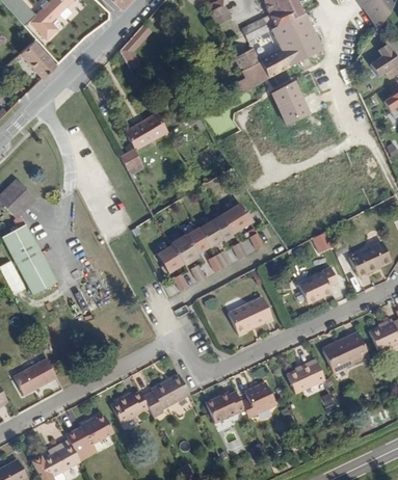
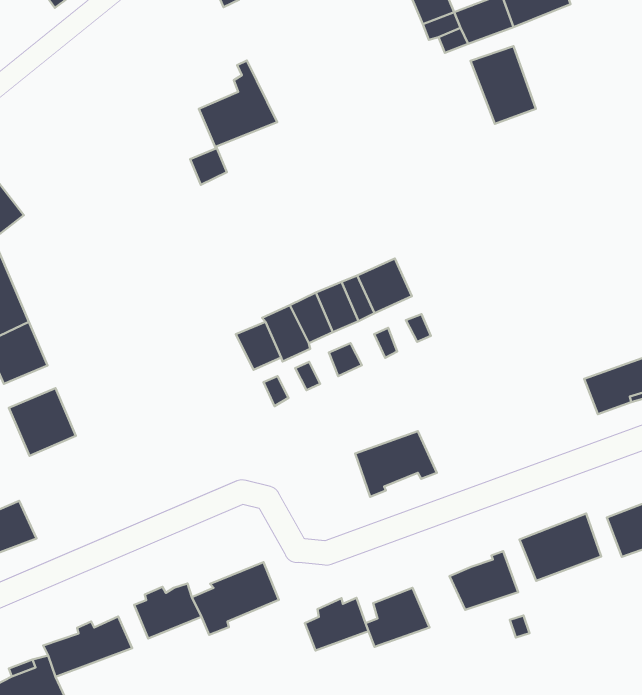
building: [297,266,337,300] -> none
building: none -> [9,388,76,456]

